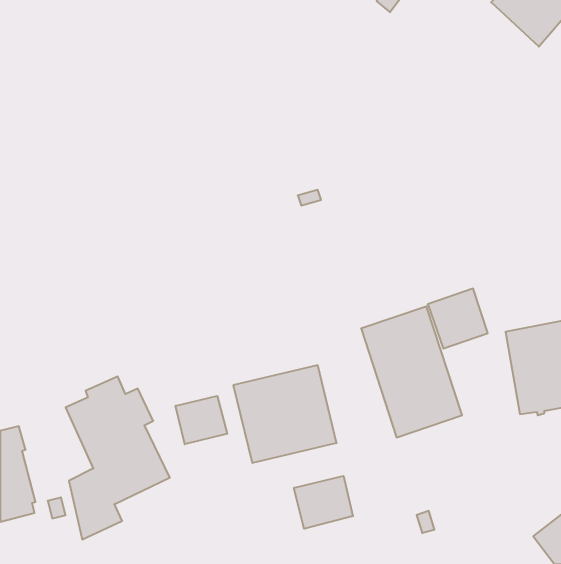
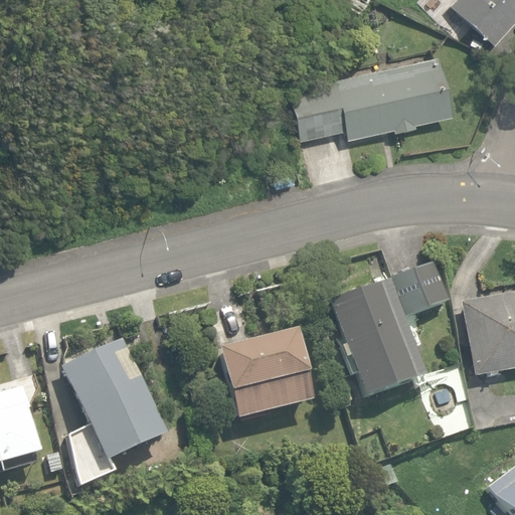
building: none -> [289,54,451,139]
building: [176,396,227,444] -> none
building: [294,476,353,529] -> none

